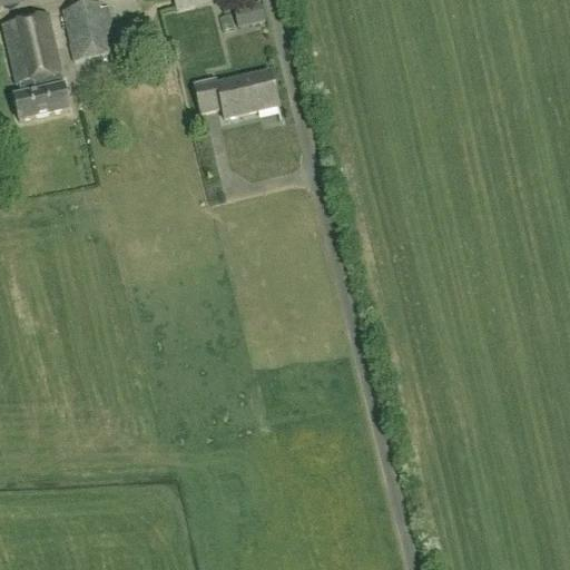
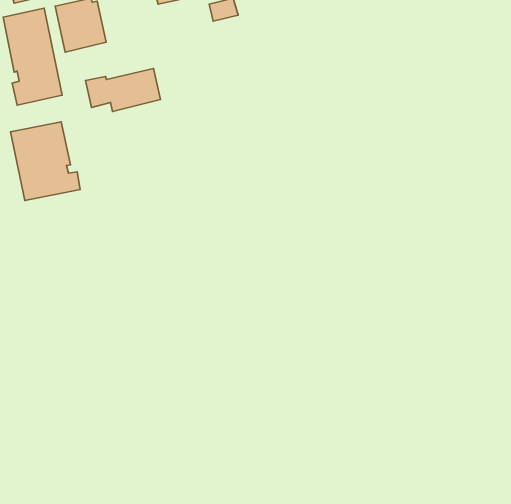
building: [194,67,277,115] -> [86,68,161,111]
building: none -> [11,122,80,200]

